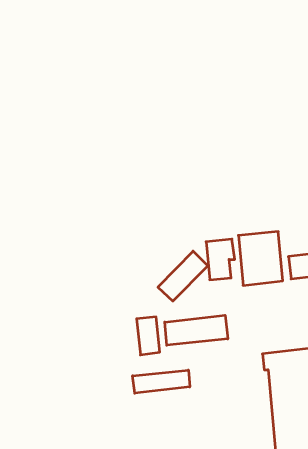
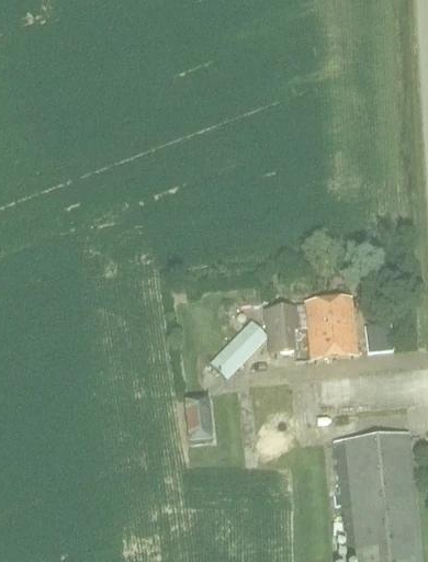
building: [165,315,228,345] -> none
building: [133,370,190,393] -> none

